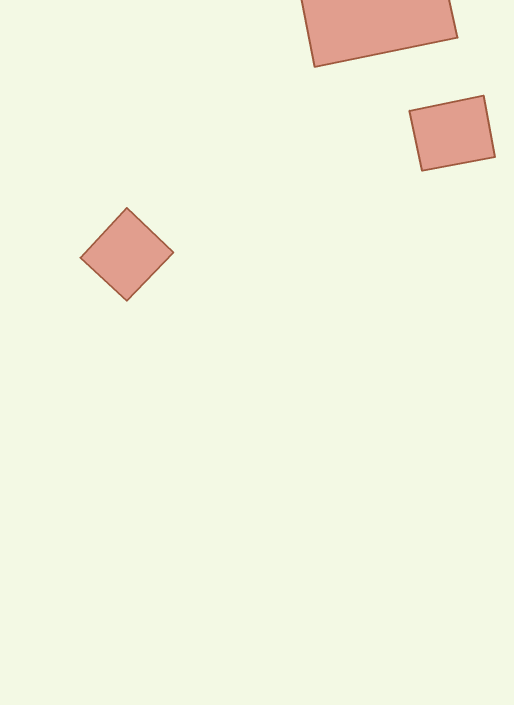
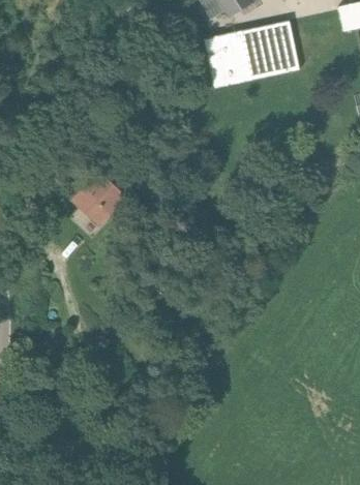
building: [410,96,495,171] -> none

